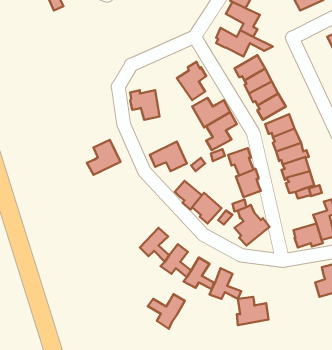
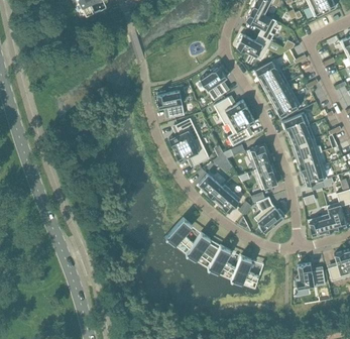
building: [87,140,121,175] -> [168,117,200,149]
building: [148,294,185,329] -> none
building: [237,297,268,325] -> [296,262,325,289]

